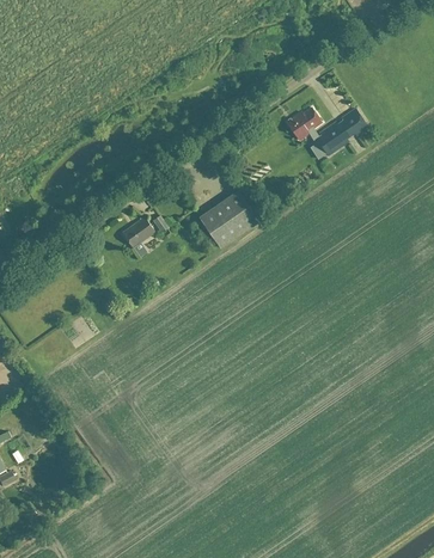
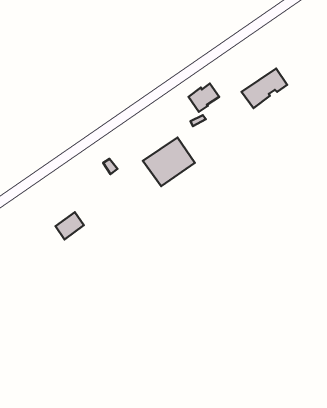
building: [286,106,322,140] -> [189,83,219,112]
building: [121,216,154,249] -> [55,212,84,239]

